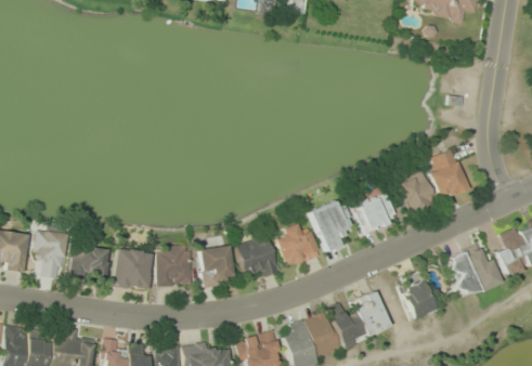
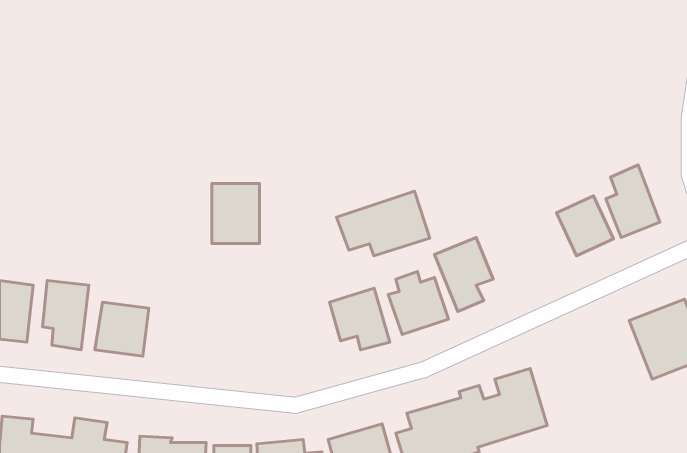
building: none -> [336,191,430,256]
building: [354,192,395,232] -> none
building: [157,245,191,287] -> [212,184,260,244]
building: [198,246,233,285] -> none
building: [113,248,152,289] -> none
building: [400,273,436,319] -> none

